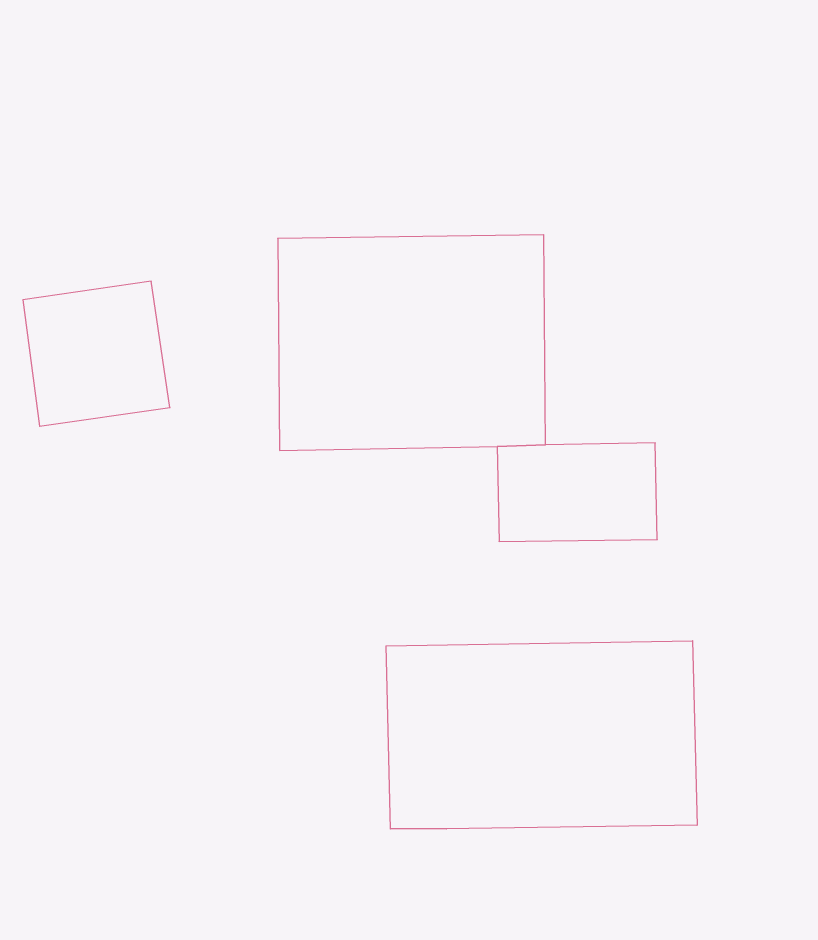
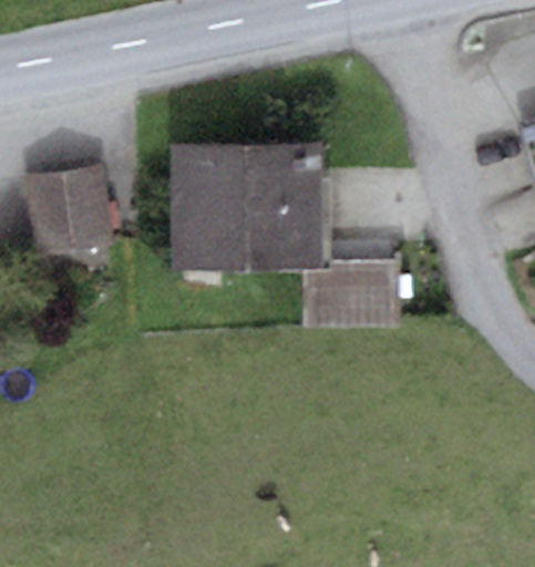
building: [386,641,697,829] -> none

